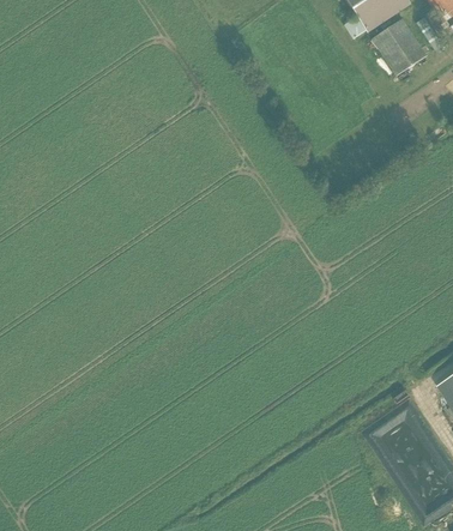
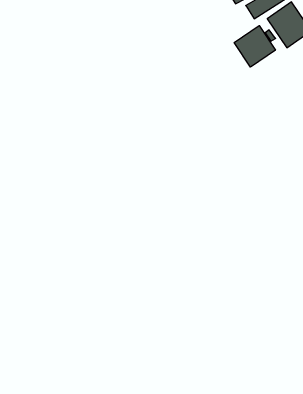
building: none -> [234,26,275,67]

